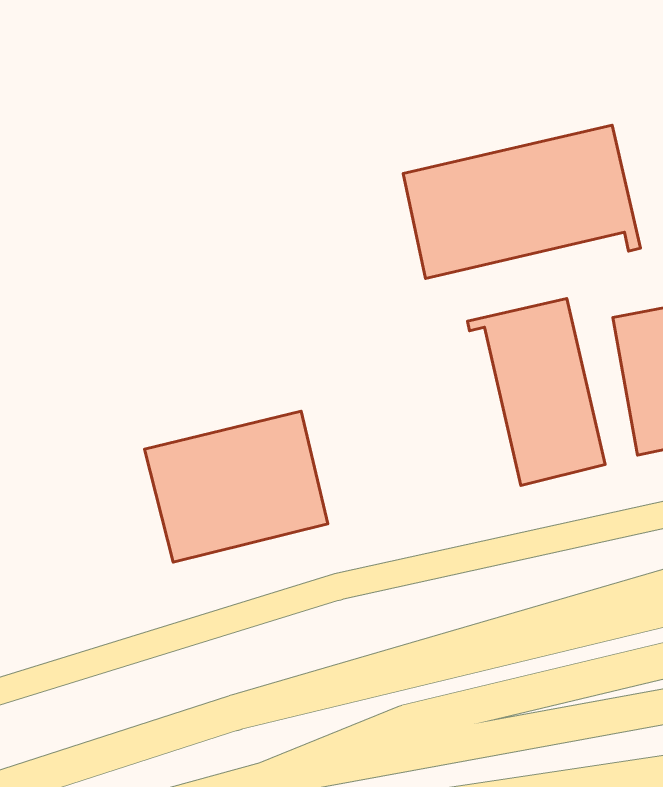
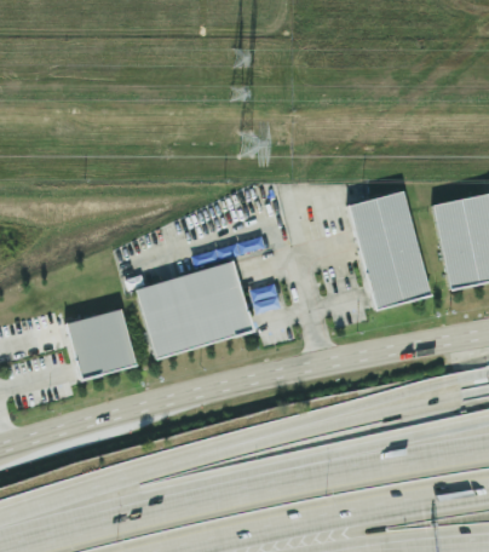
building: [403,125,640,278] -> none
building: none -> [69,310,136,379]

